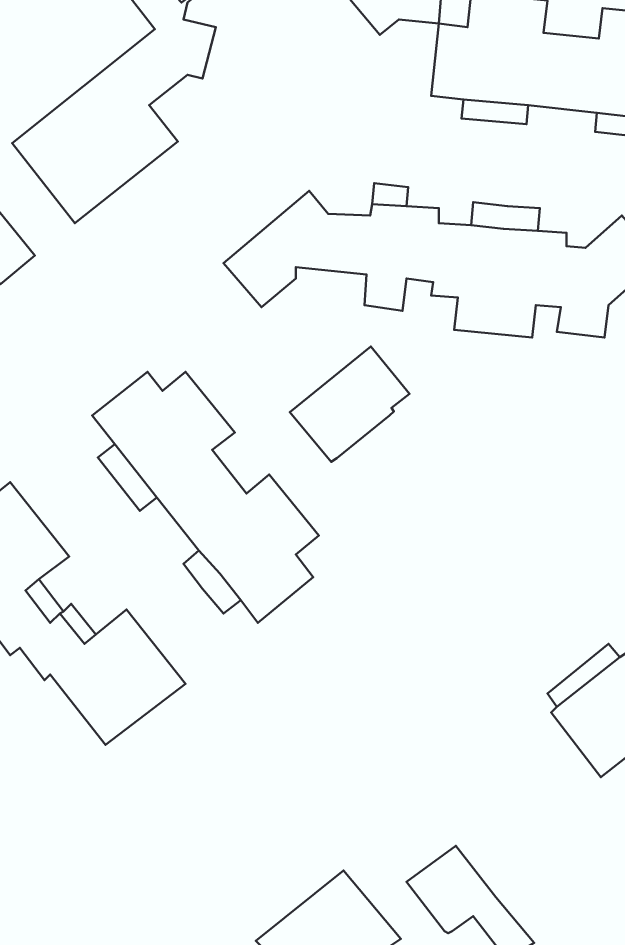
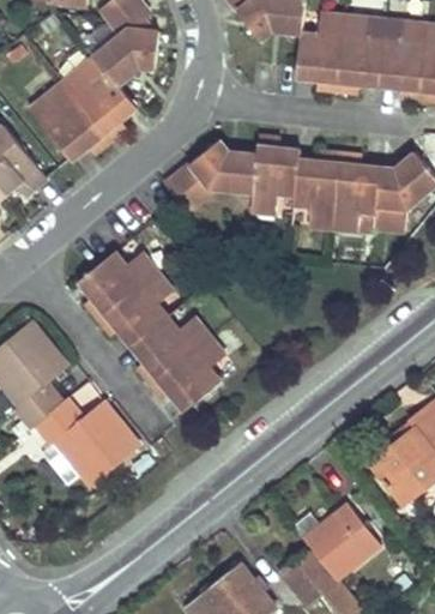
building: [290,346,409,462] -> none
building: none -> [302,504,380,582]

